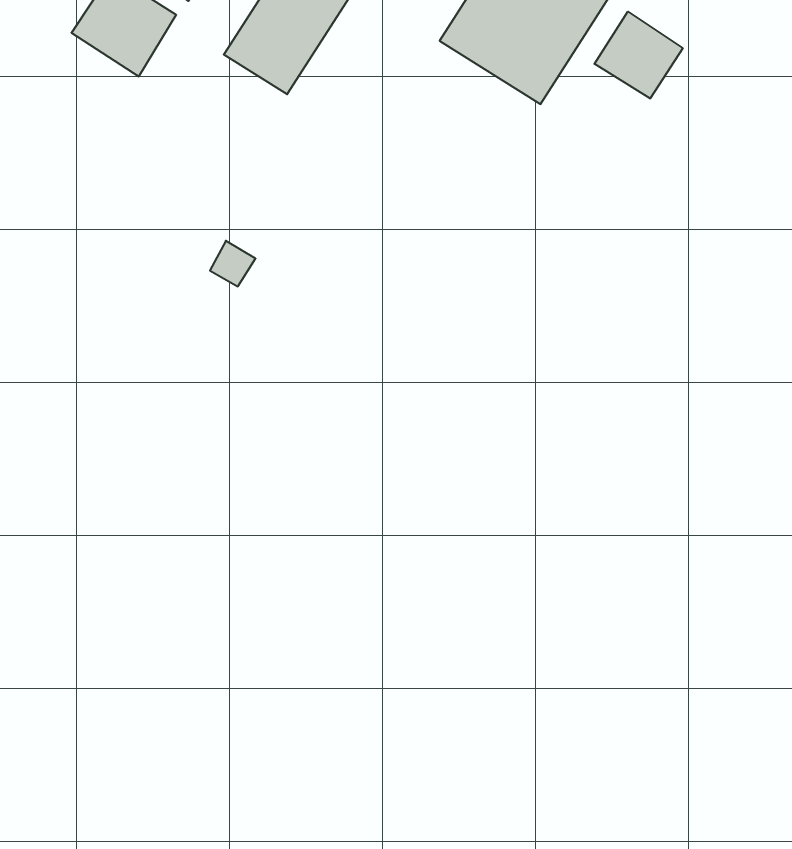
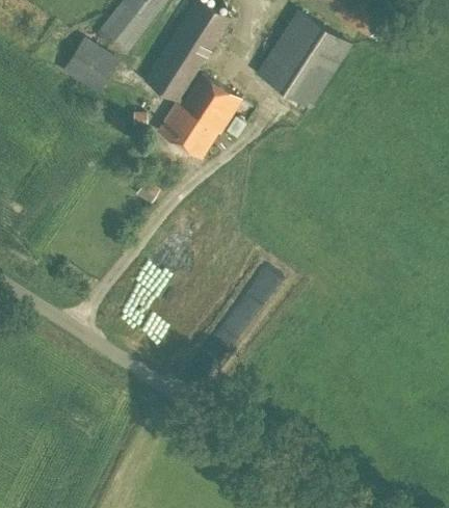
building: [594,12,683,99] -> none
building: none -> [157,75,240,159]

